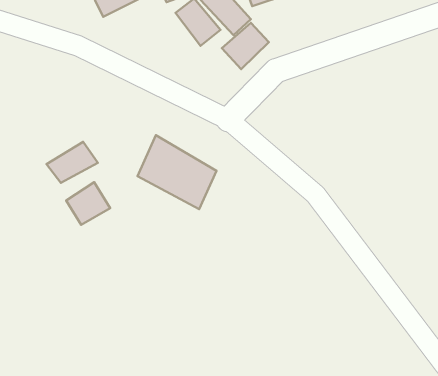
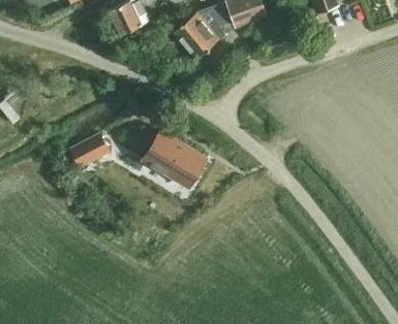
building: [222,23,269,69] -> none
building: [66,182,110,225] -> none

